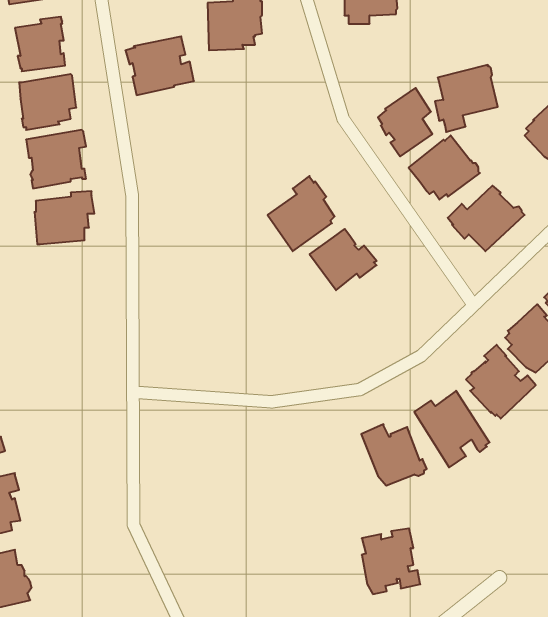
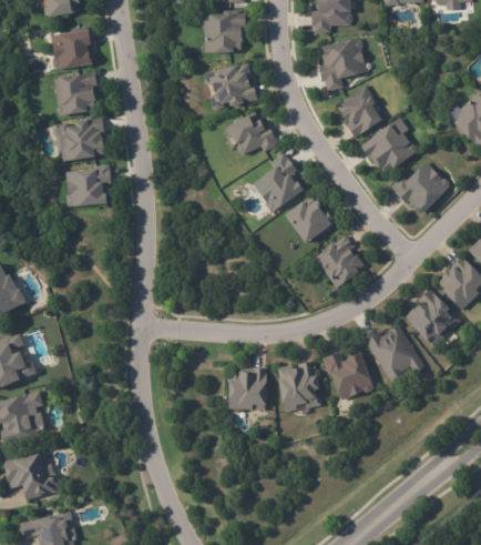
building: [125,36,194,95] -> [204,63,258,110]
building: [435,65,498,132] -> [318,38,368,91]
building: none -> [224,112,278,155]
building: none -> [315,234,364,287]
building: none -> [225,369,265,411]
building: [362,528,420,594] -> [276,361,323,413]

